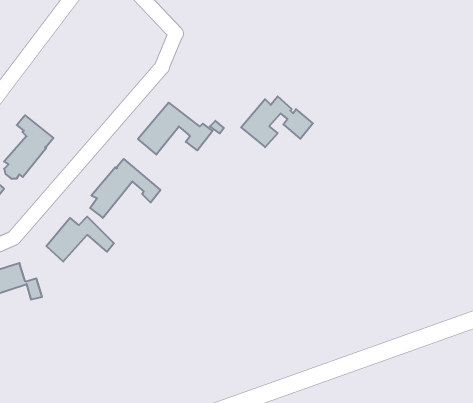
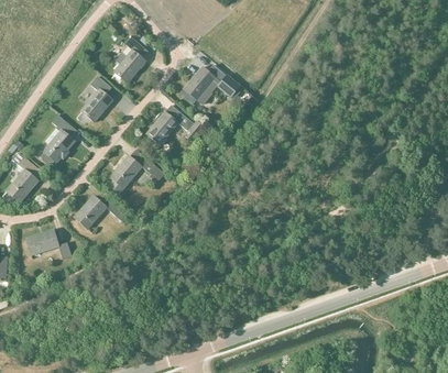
building: none -> [113,35,147,83]
building: none -> [80,76,112,121]
building: [241,96,313,147] -> [184,64,240,103]

